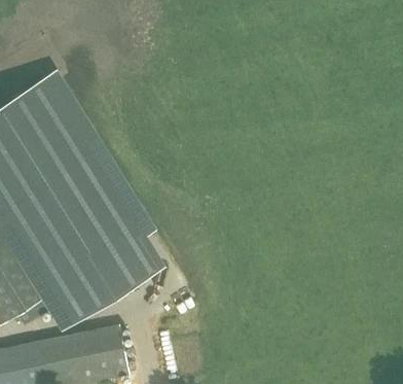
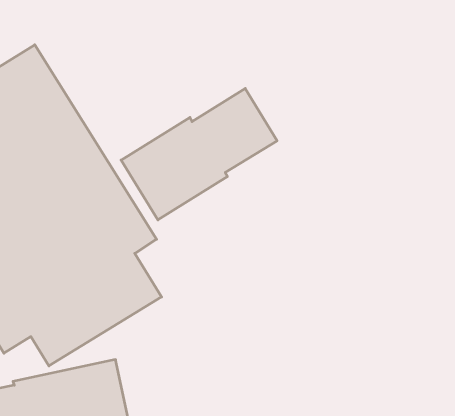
building: none -> [121,88,277,220]

